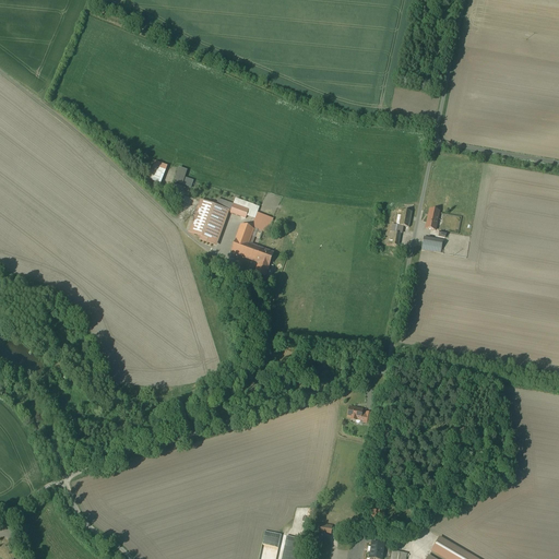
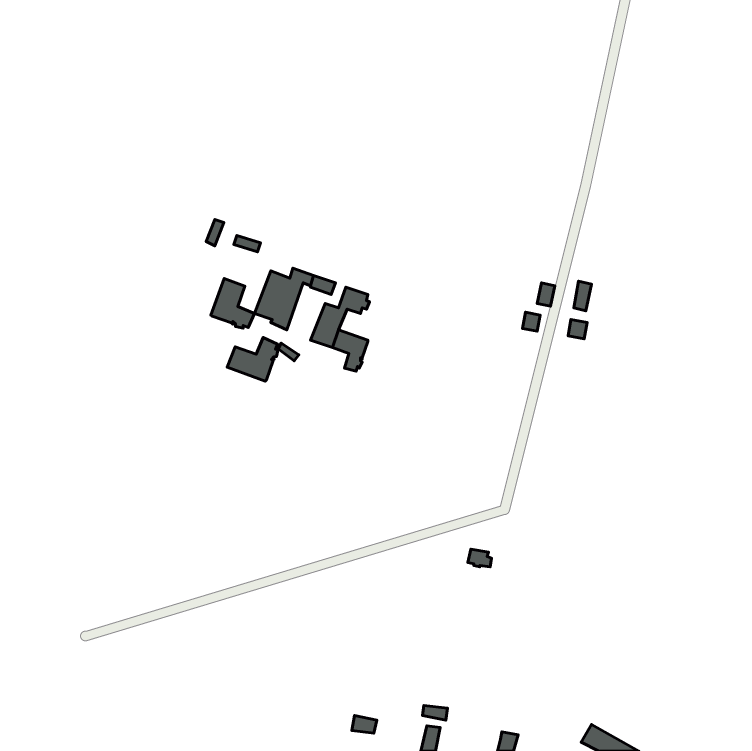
building: none -> [211,278,255,328]
building: none -> [227,337,278,381]

